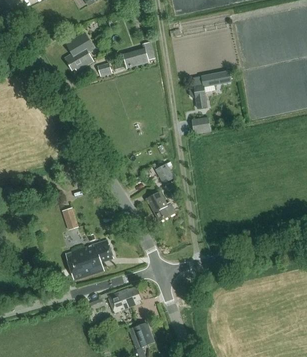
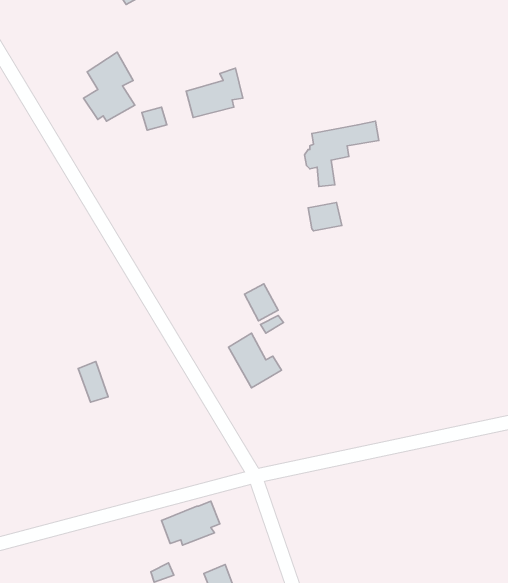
building: [65,239,113,279] -> none

